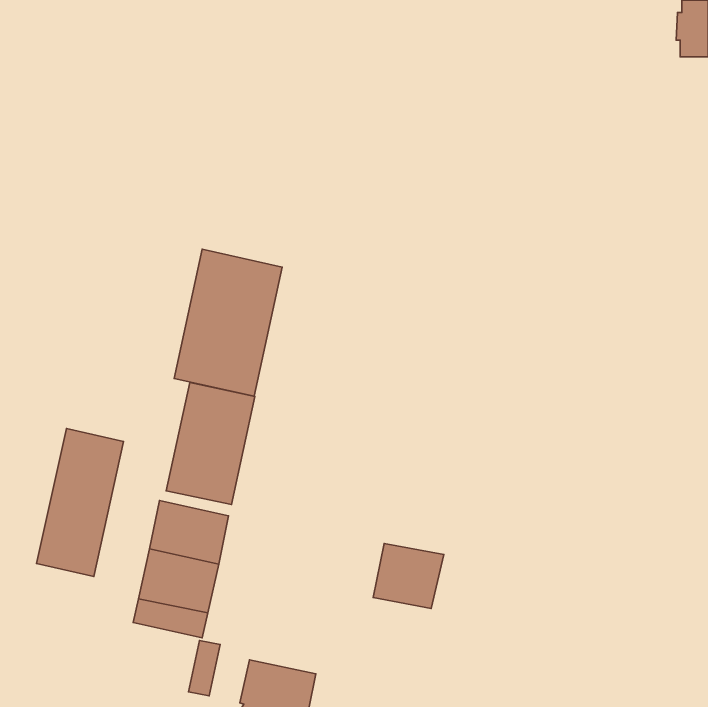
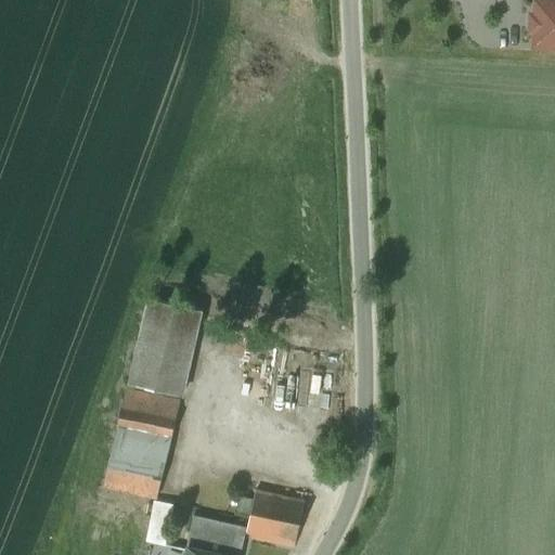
building: [174,249,282,396] -> none
building: [37,429,123,577] -> none
building: [373,543,444,608] -> [249,492,305,543]

